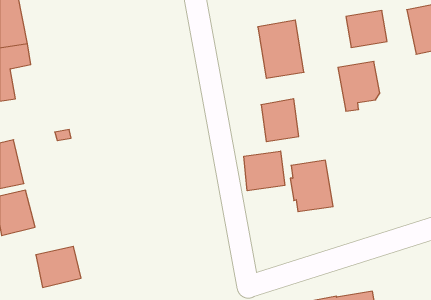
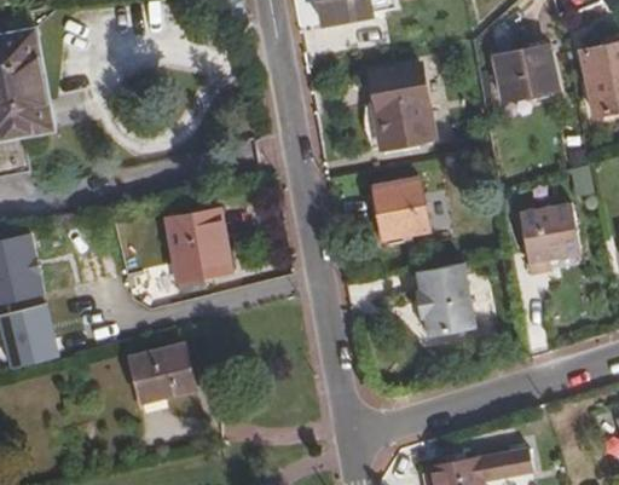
building: [338,61,380,111] -> [520,206,579,276]
building: none -> [158,209,226,282]
building: [244,151,285,191] -> none
building: [36,246,81,287] -> [127,346,191,404]

